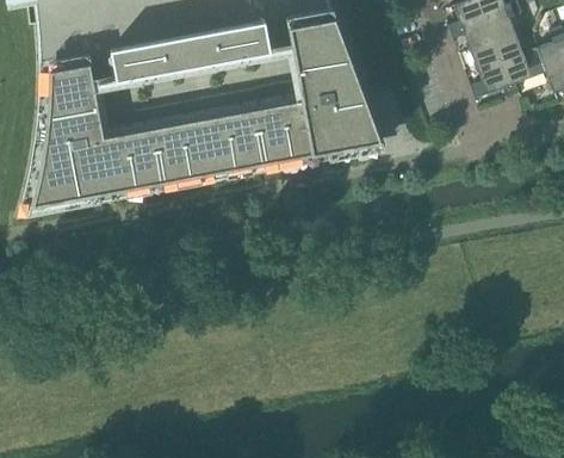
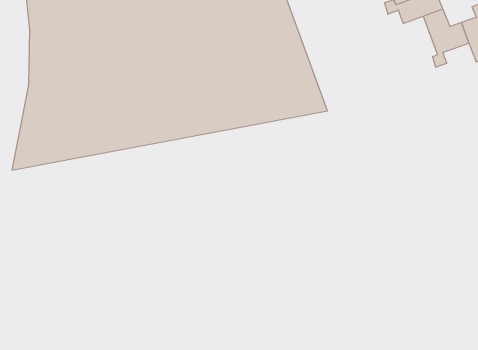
building: [470,38,509,95] -> none

